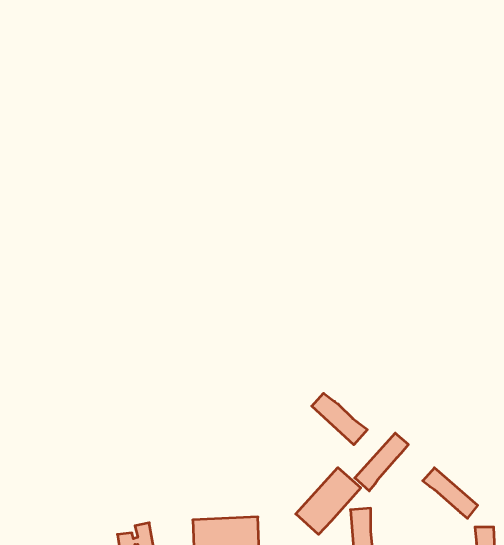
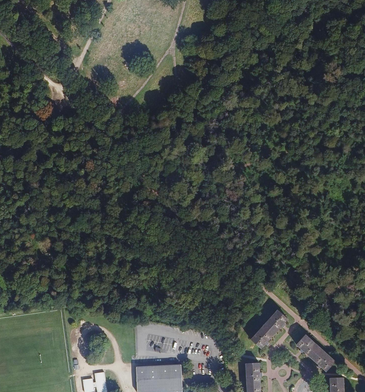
building: [312,393,367,445] -> none
building: [296,468,361,534] -> none

